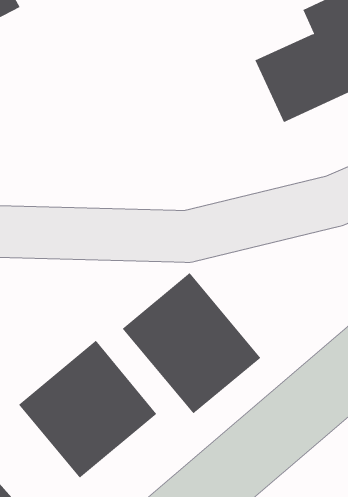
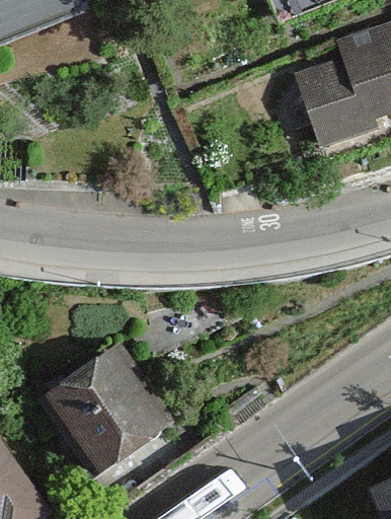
building: [122,272,261,414] -> none

